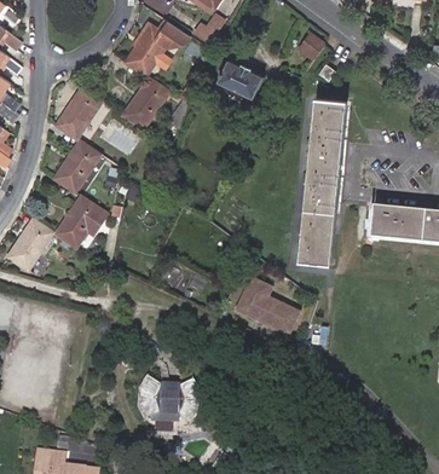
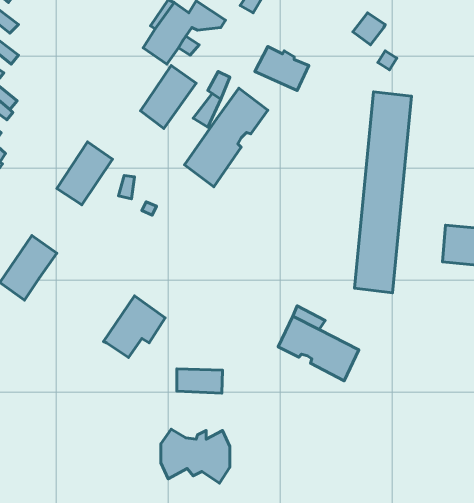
building: [56,87,100,138] -> none
building: none -> [185,88,268,187]
building: [54,195,105,245] -> [104,296,165,358]
building: none -> [177,369,222,393]

